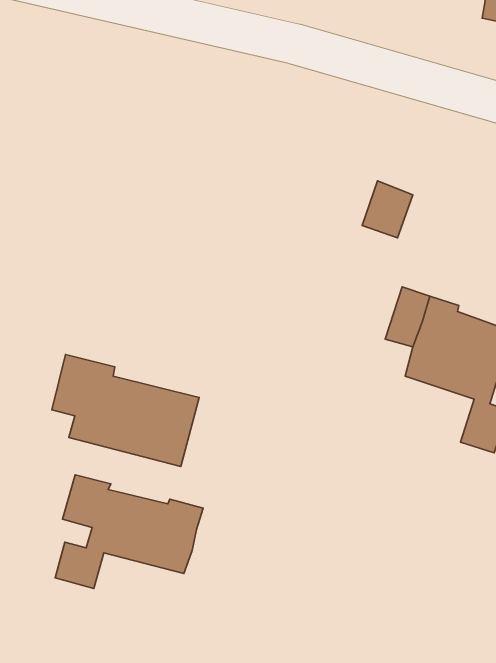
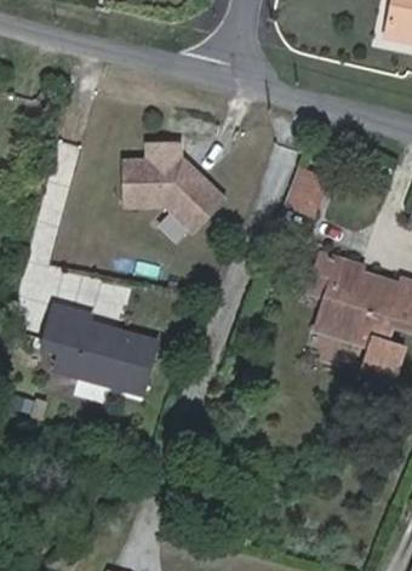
building: none -> [119,141,224,232]
building: [55,475,203,588] -> none

